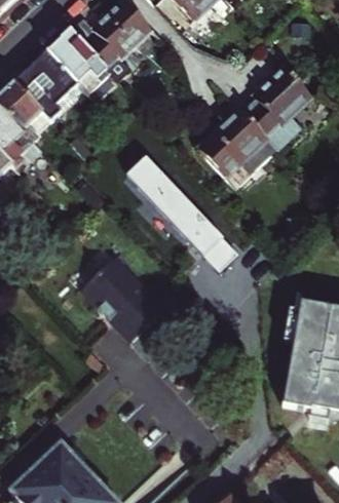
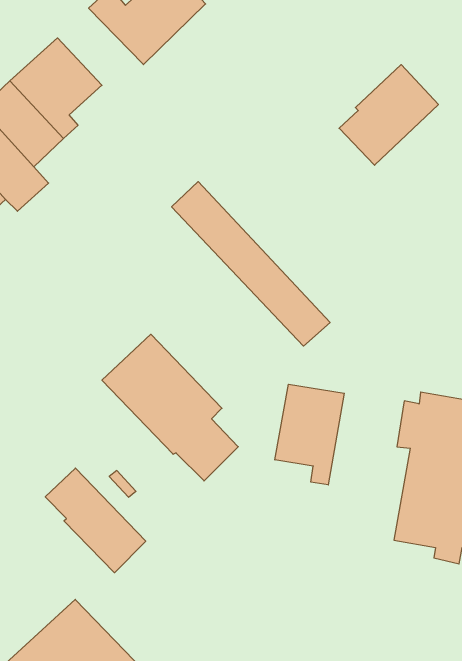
building: [47,33,110,96] -> none
building: [202,114,267,179] -> none
building: none -> [275,384,344,485]
building: none -> [45,468,146,573]

